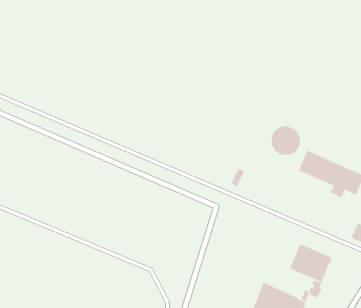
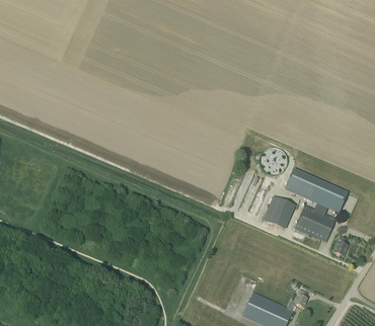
building: none -> [262,195,294,228]
building: [289,243,333,283] -> [295,205,335,241]

